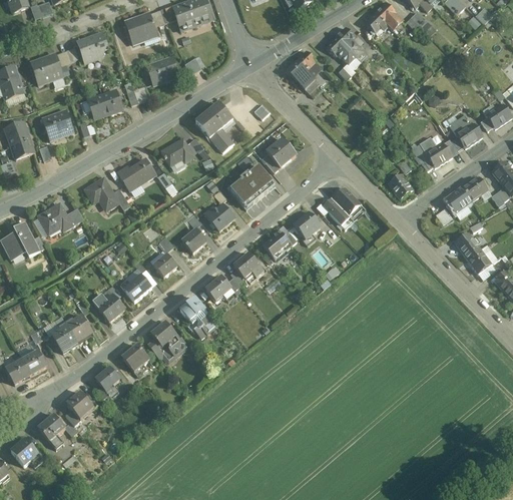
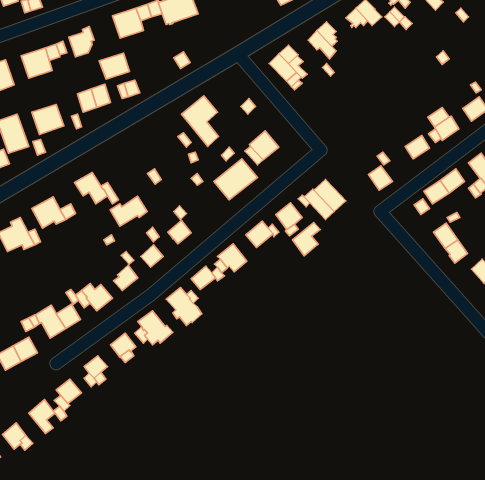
building: [146,53,177,80] -> [99,53,129,79]
building: [161,138,193,165] -> none
building: [121,160,159,191] -> [110,196,147,226]
building: [204,204,233,230] -> none
building: none -> [292,223,320,256]

